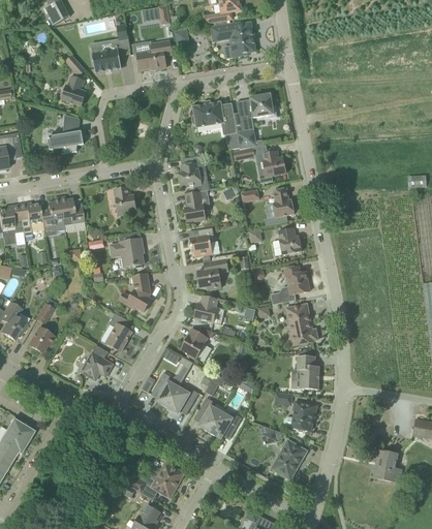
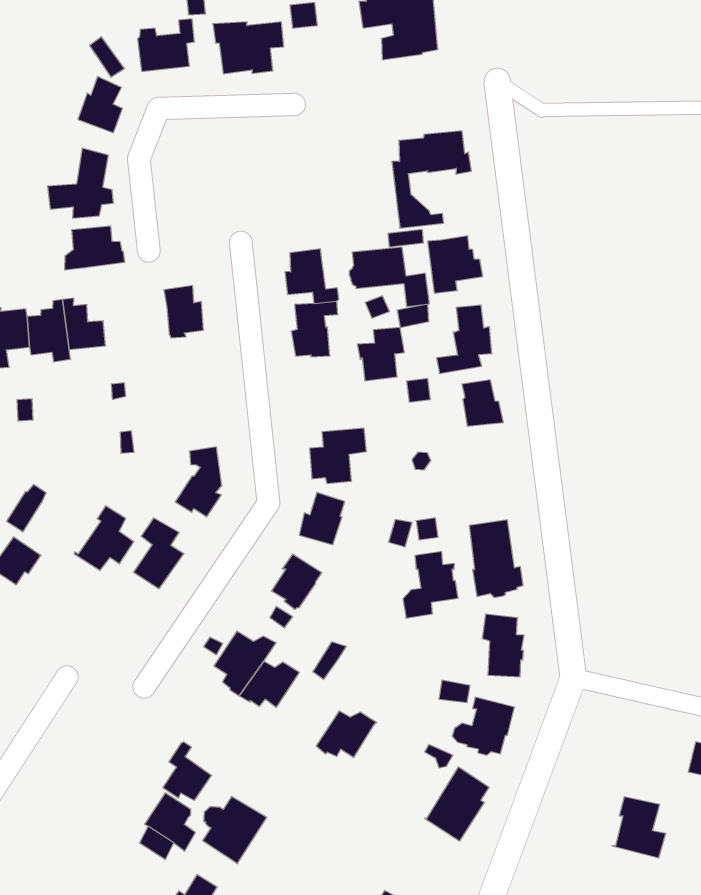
building: [192,102,237,134] -> [349,247,429,307]
building: none -> [65,226,125,270]
building: [189,227,215,257] -> [357,327,404,381]
building: [111,238,144,268] -> none
building: [279,266,309,303] -> [403,551,458,618]
building: [81,345,113,380] -> [74,506,134,570]
building: [195,397,224,432] -> none
building: none -> [163,742,212,800]

